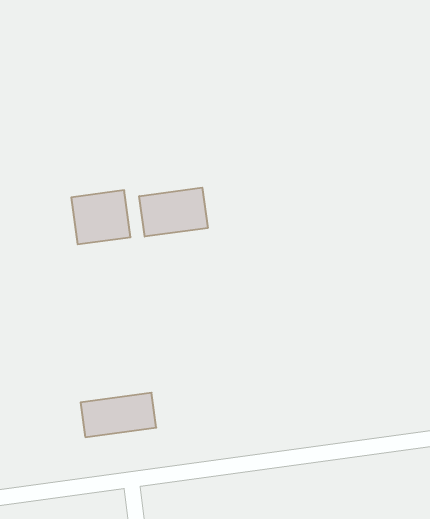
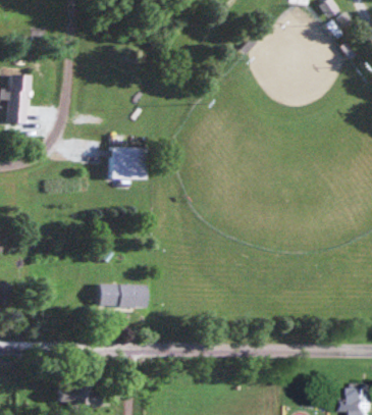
building: [139,188,208,237] -> none

